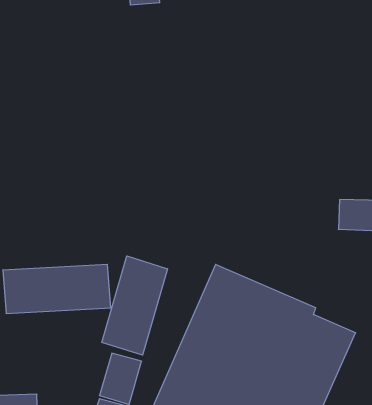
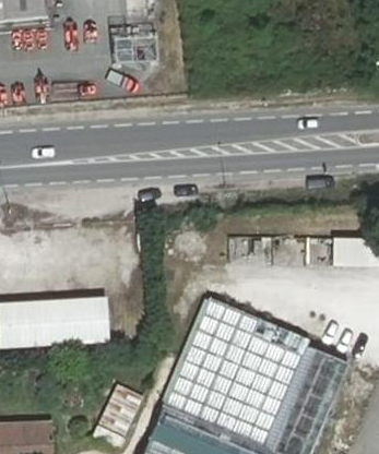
building: [102,256,168,355] -> none

